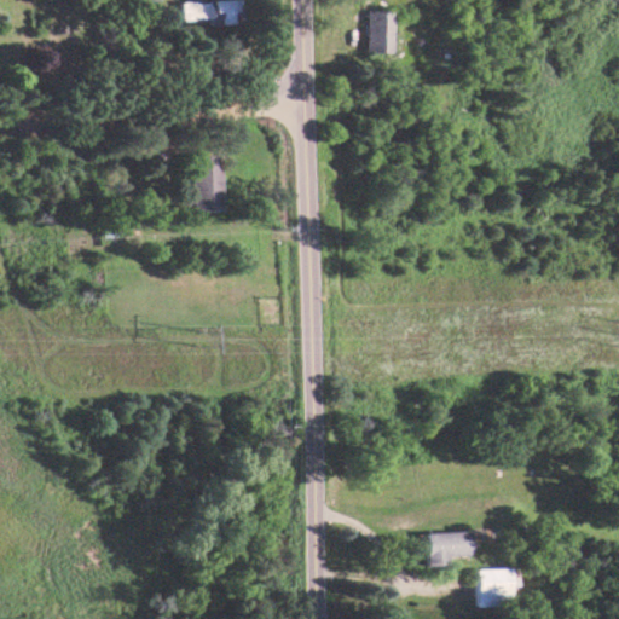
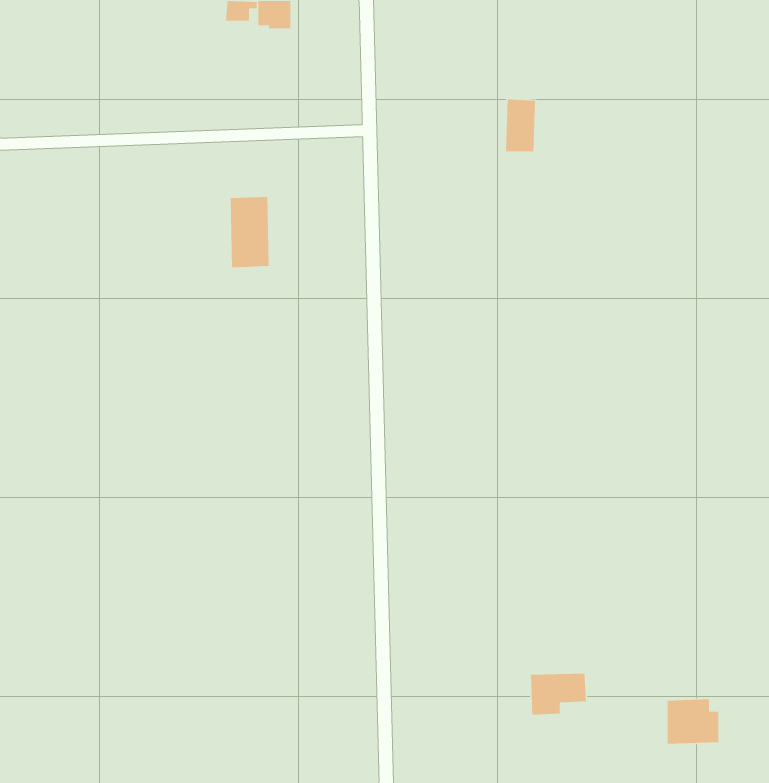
building: [374,10,398,52] -> [505,99,536,152]
building: [478,567,519,603] -> [667,699,719,744]

